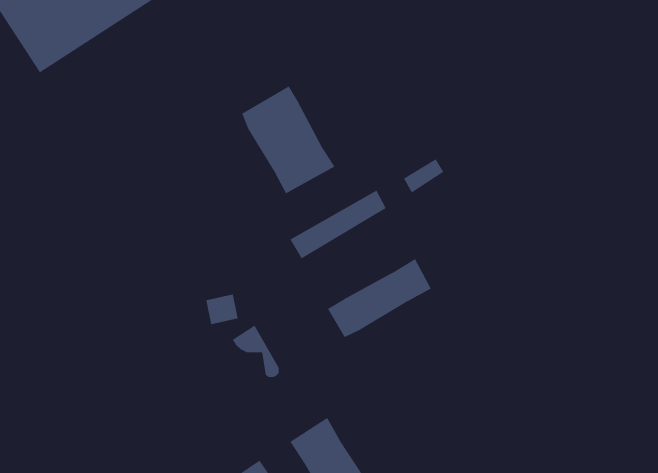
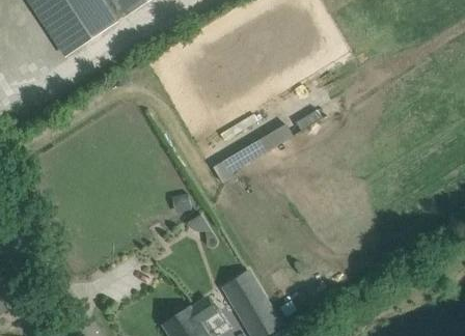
building: [241,85,335,194] -> none
building: [327,258,431,338] -> none

